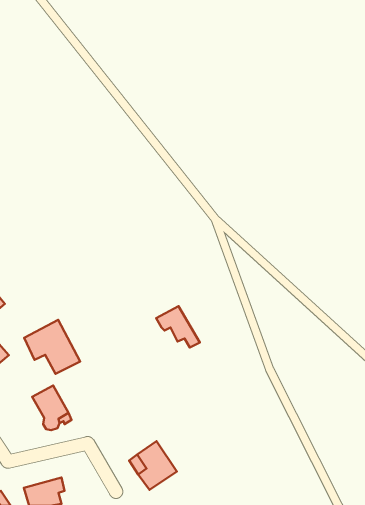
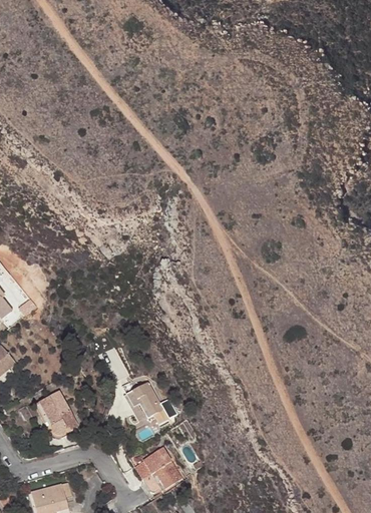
building: [156,306,200,348] -> [126,382,169,423]
building: [24,320,80,374] -> none

